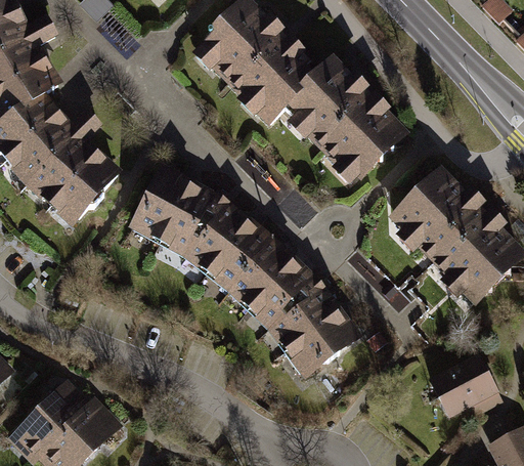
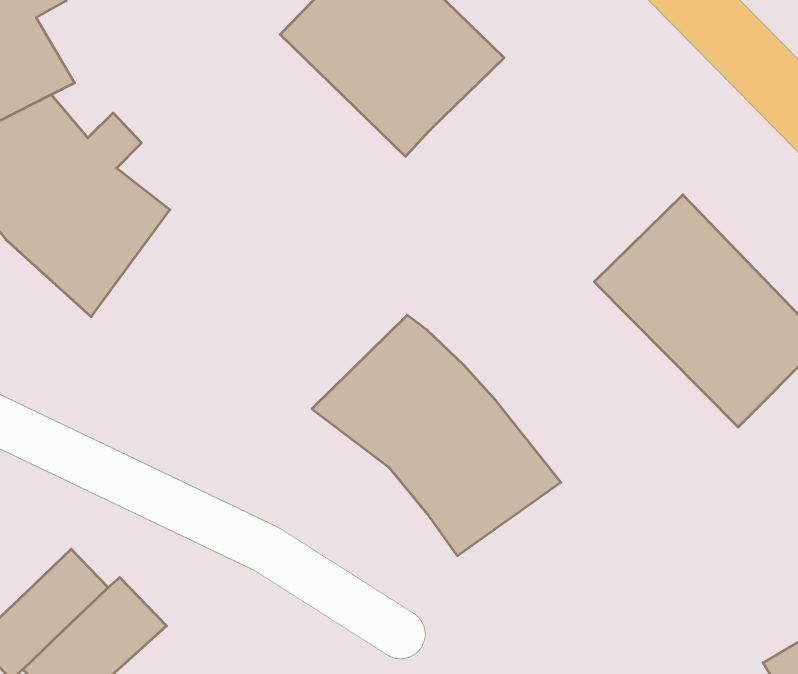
building: [285,65,416,195] -> none
building: [124,162,270,291] -> none
building: [428,349,496,414] -> none

